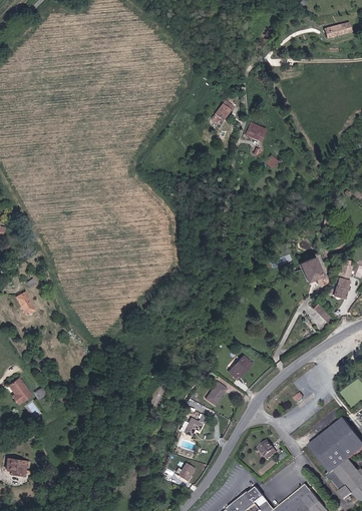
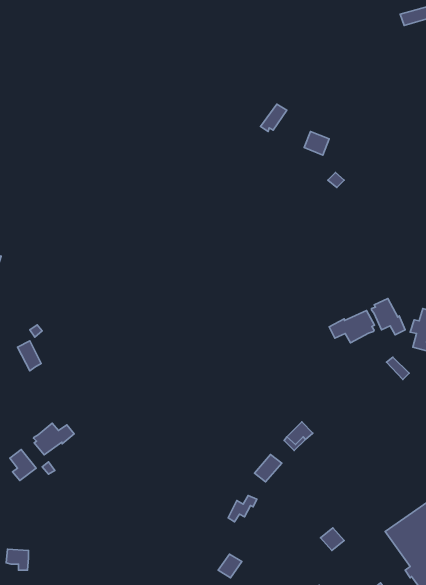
building: none -> [329,310,375,343]
building: none -> [34,423,74,455]

